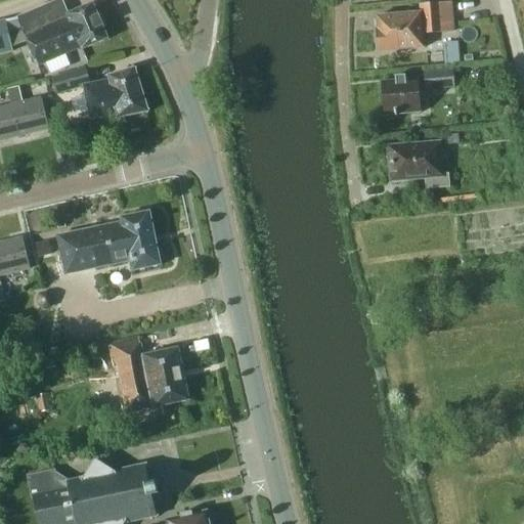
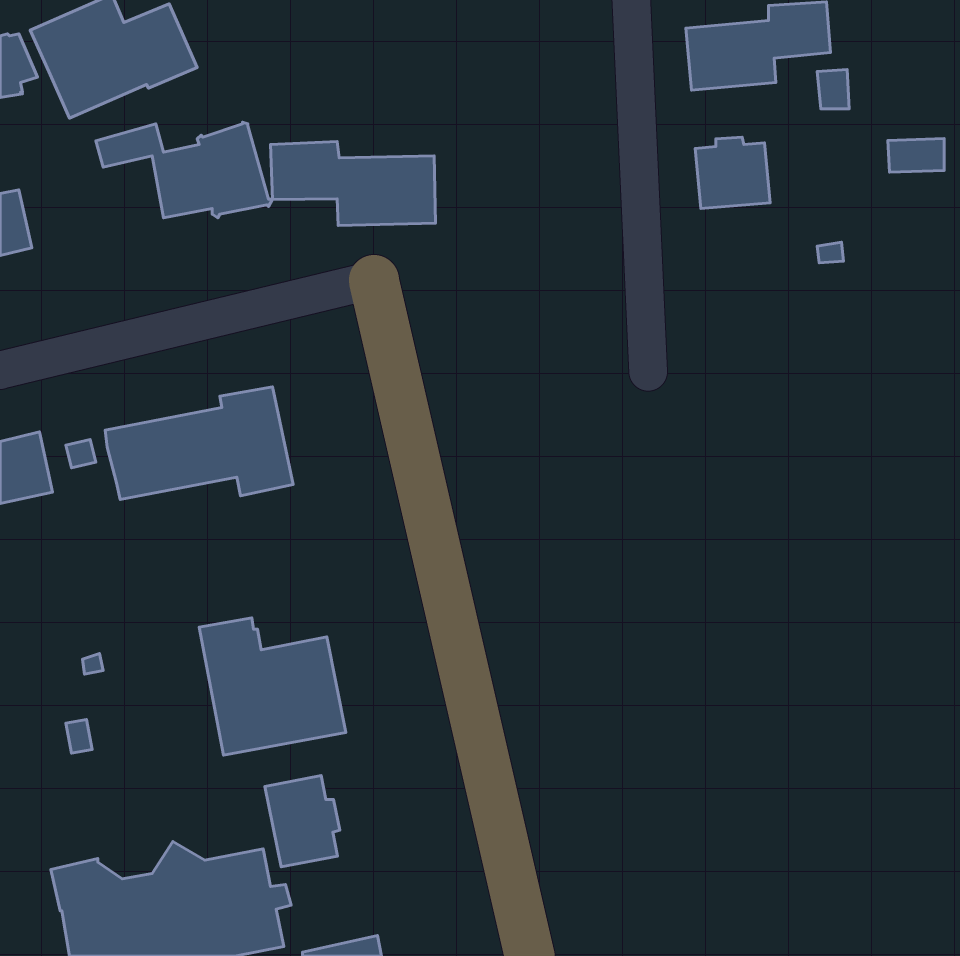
building: [425,70,455,88] -> [888,138,944,172]
building: none -> [270,142,435,225]
building: [10,96,47,135] -> none
building: [388,141,446,187] -> none
building: none -> [265,776,340,867]

